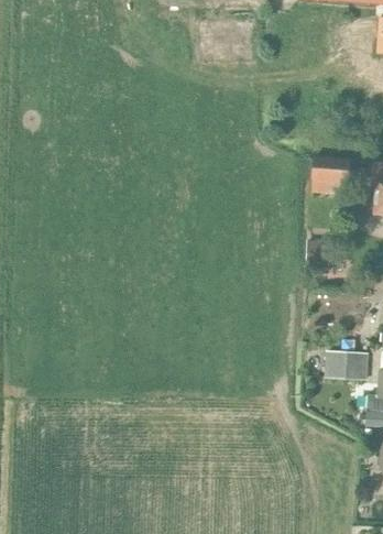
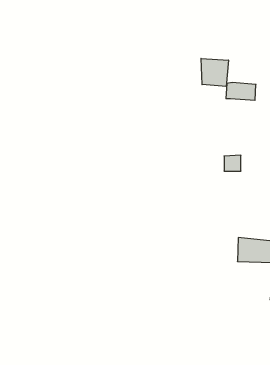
building: none -> [201,58,228,87]

